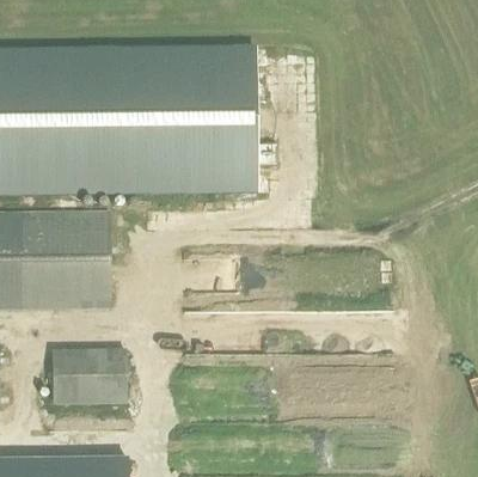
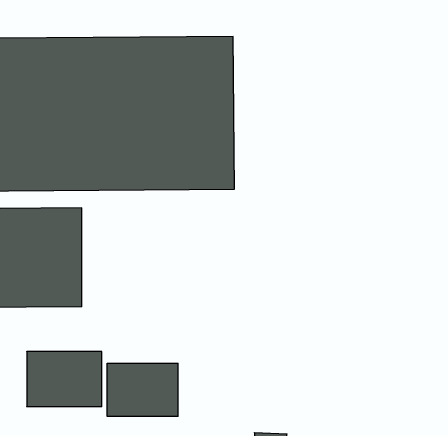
building: none -> [107,363,178,416]

